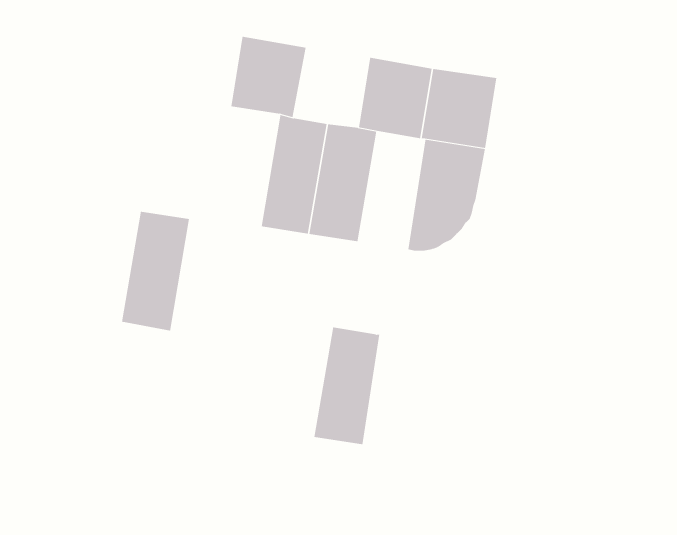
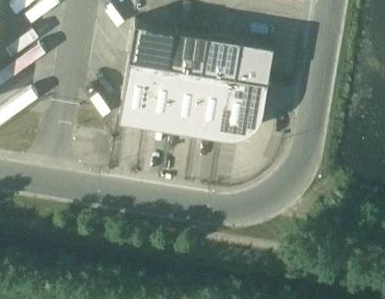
building: none -> [163,30,204,74]
building: [121,211,190,331] -> [118,62,156,128]
building: [313,327,380,445] -> [198,76,235,140]

